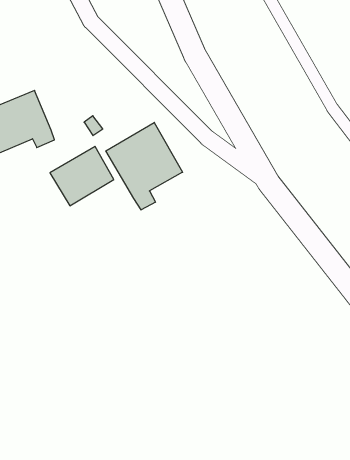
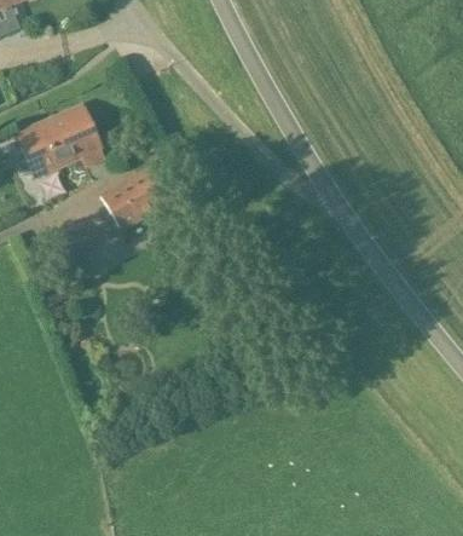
building: [106,122,183,210] -> none

